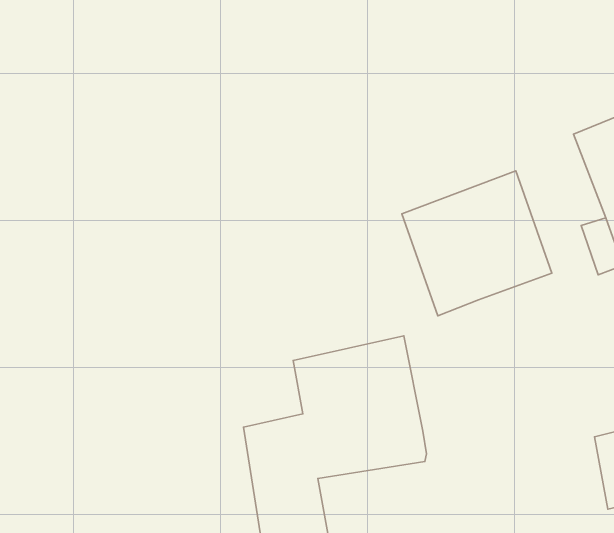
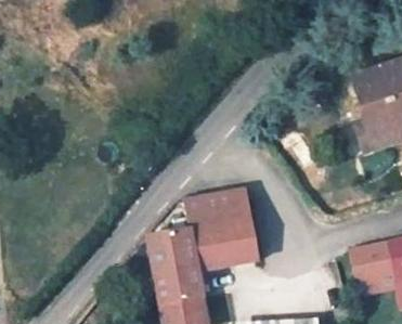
building: [402,171,552,316] -> none

